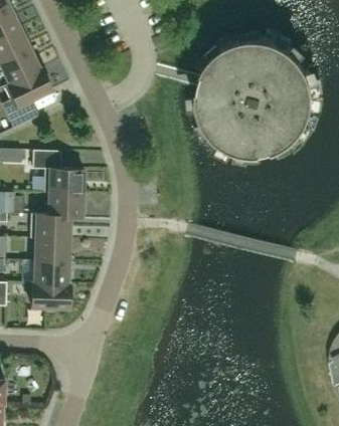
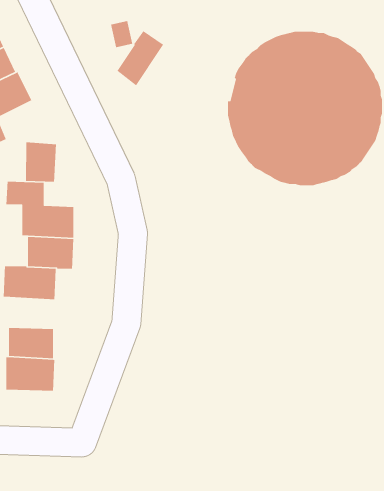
building: none -> [116,30,164,91]
building: none -> [25,141,57,183]
building: [33,238,68,261] -> none

